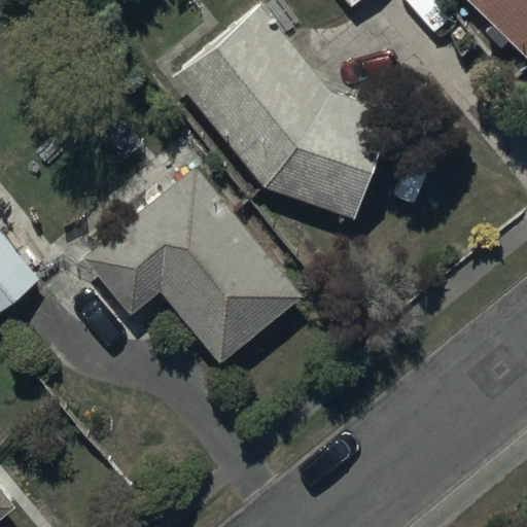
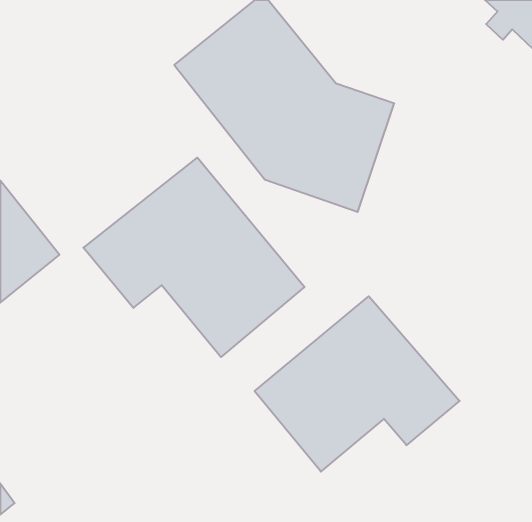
building: none -> [255,296,460,472]

